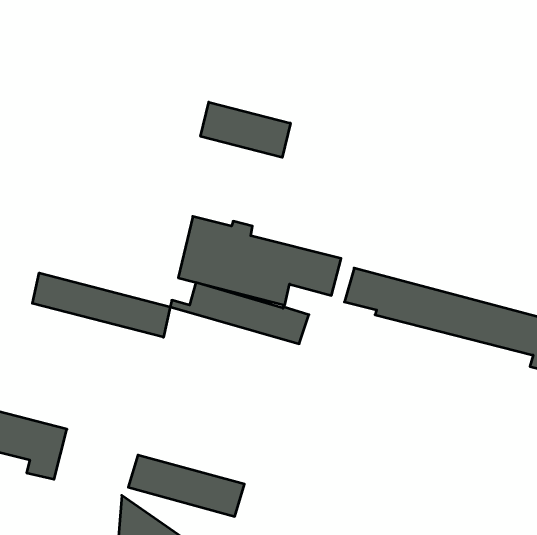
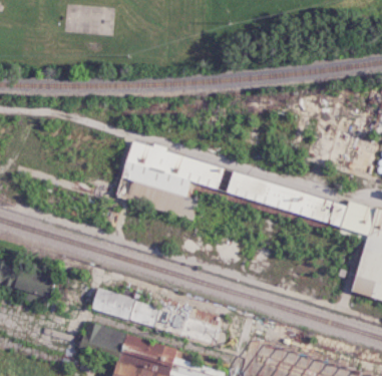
building: [201,102,290,157] -> none
building: [32,273,170,337] -> none

